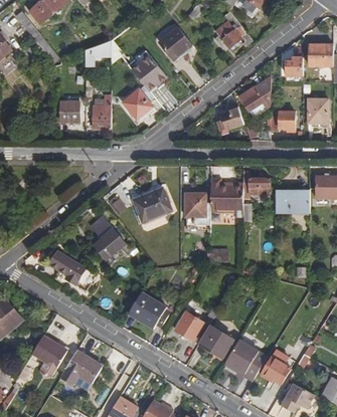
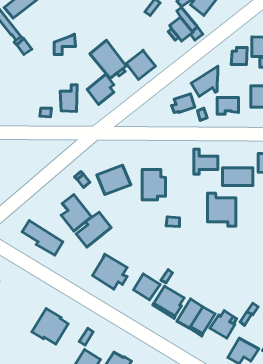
building: [159,26,192,59] -> [126,50,156,80]
building: [60,100,80,121] -> none
building: [211,178,243,215] -> [207,193,236,226]
building: none -> [76,212,111,247]
building: [32,336,66,374] -> none

